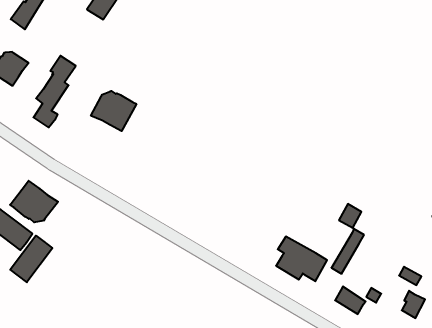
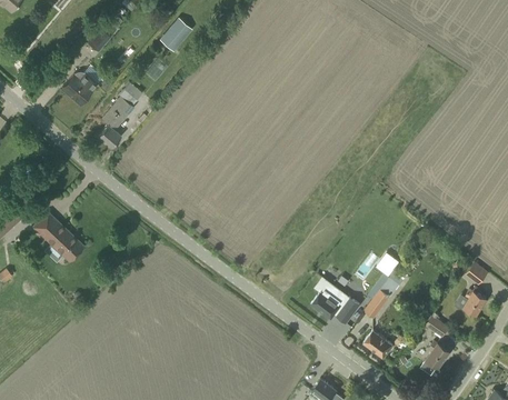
building: [91,91,136,131] -> none
building: [10,181,58,222] -> none
building: [10,236,52,282] -> none

